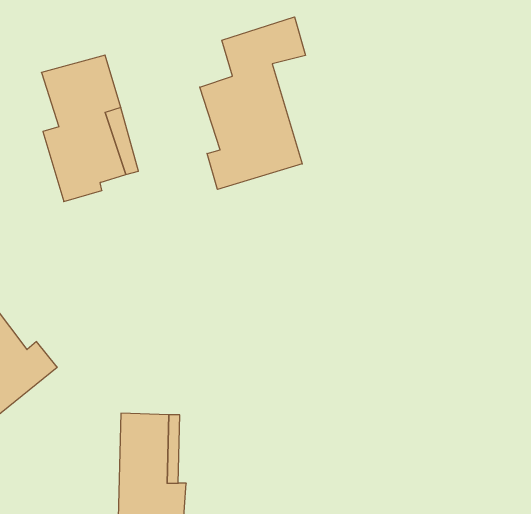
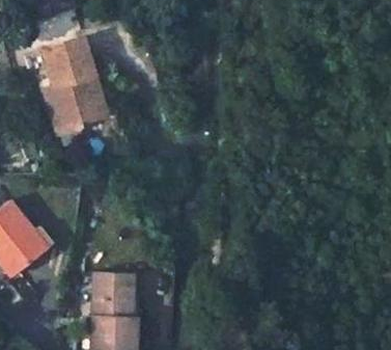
building: [200,17,305,189] -> none

